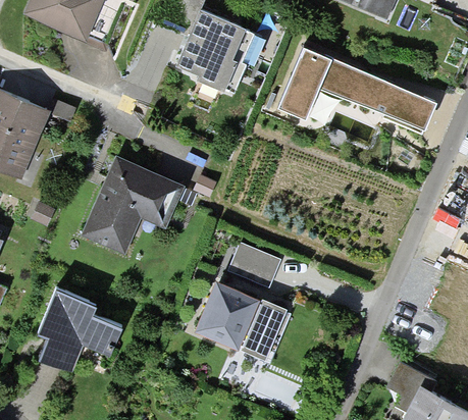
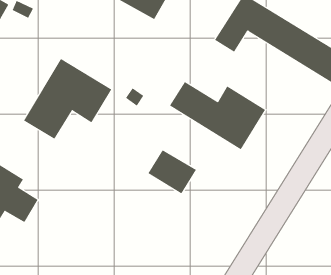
building: none -> [169,81,266,150]
building: [198,282,291,358] -> none

